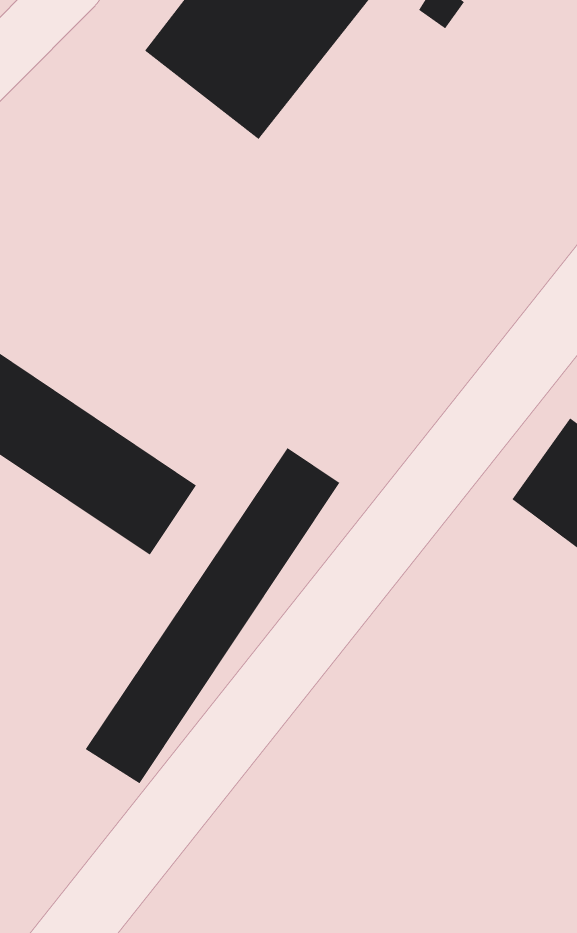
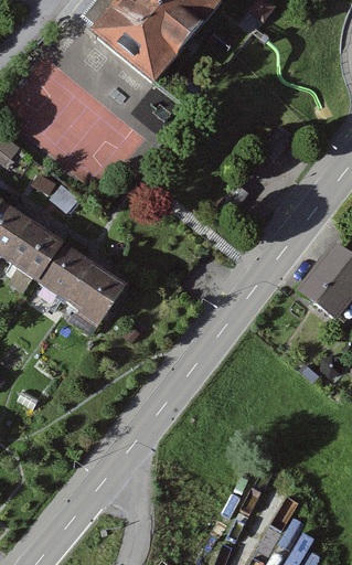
building: [85,447,340,784] -> none

